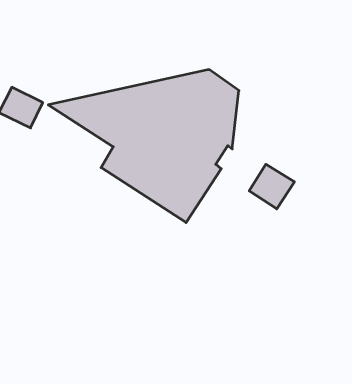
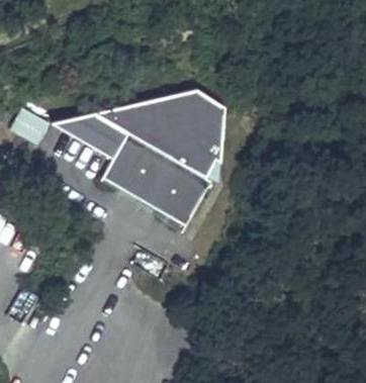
building: [249,164,294,209] -> none

